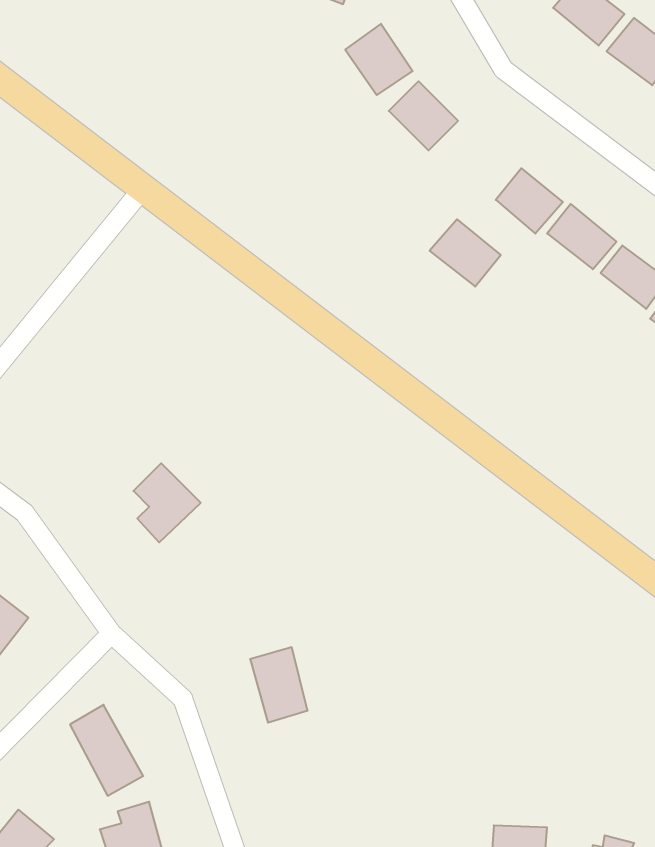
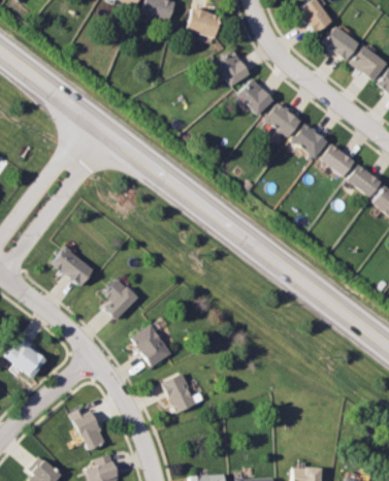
building: [430,219,501,287] -> [263,102,300,137]
building: none -> [53,245,94,287]
building: none -> [132,324,171,366]

